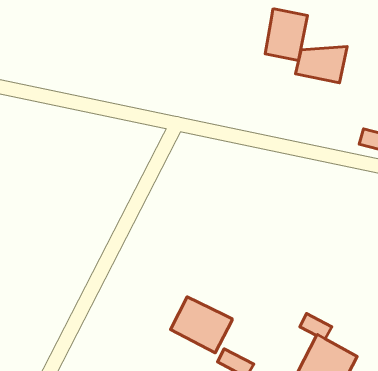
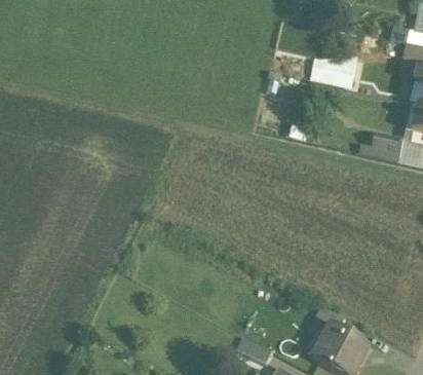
building: [265,9,308,61] -> none
building: [170,297,232,353] -> none

